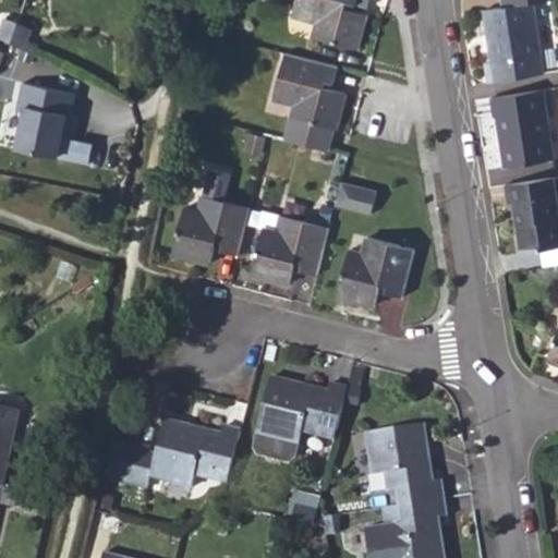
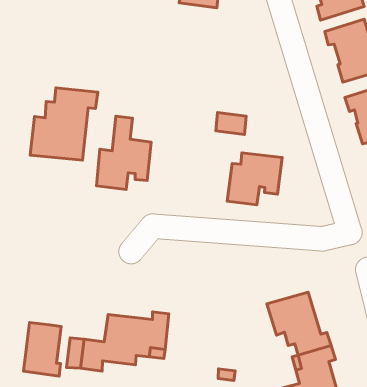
building: [271,53,344,150] -> none
building: none -> [30,88,98,160]
building: [251,209,328,284] -> none
building: [253,378,345,464] -> none
building: none -> [23,323,61,376]

